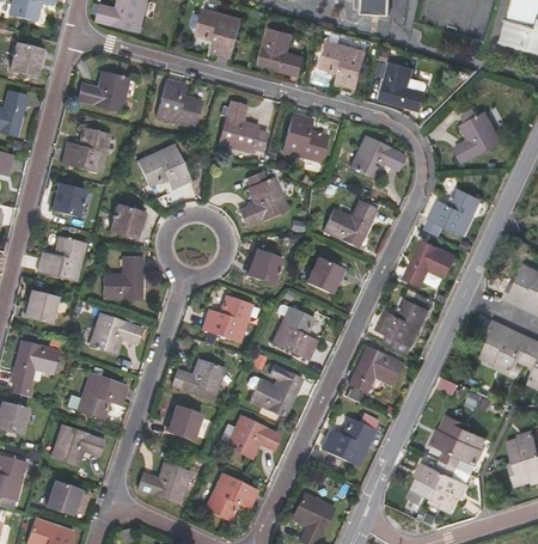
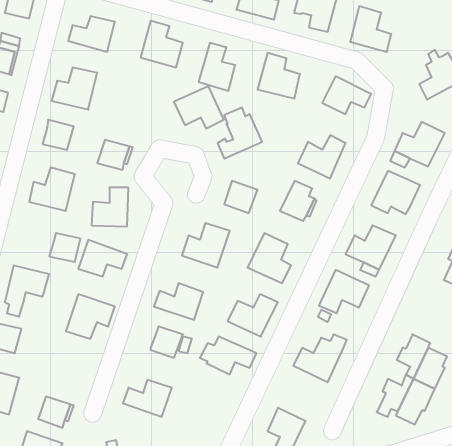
building: [136,145,190,190] -> [174,86,224,128]
building: [23,292,56,323] -> [49,233,80,262]
building: [50,426,103,465] -> none
building: [203,473,258,521] -> none

